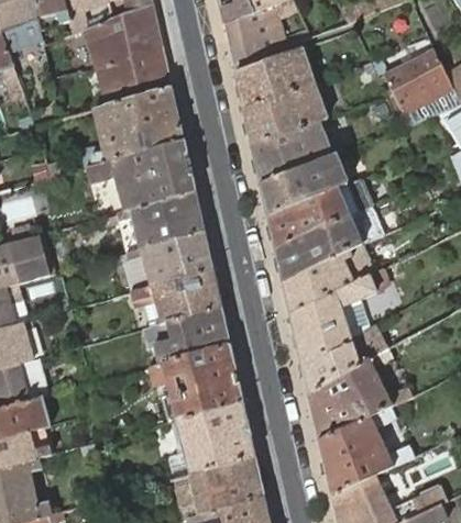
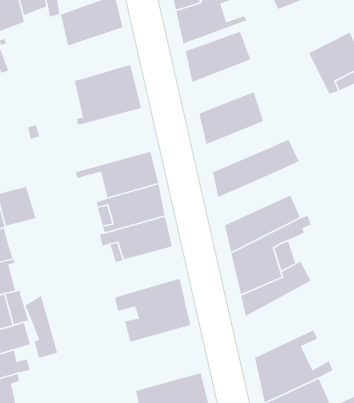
building: [98,44,169,105] -> none
building: [243,82,326,146] -> none
building: [86,141,194,210] -> none
building: [260,154,347,216] -> none
building: [274,204,384,280] -> none
building: [154,307,229,364] -> none
building: [307,347,411,439] -> none
building: none -> [25,295,58,359]
building: [175,401,254,475] -> none

